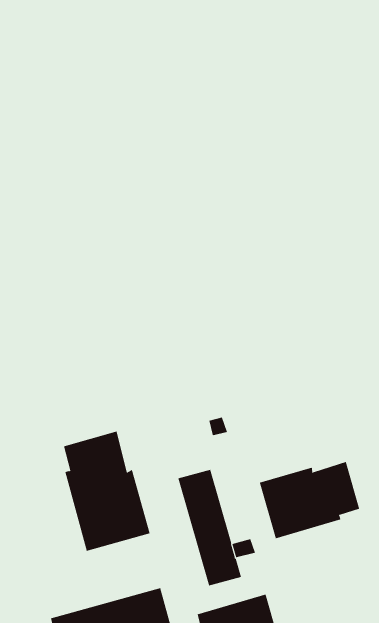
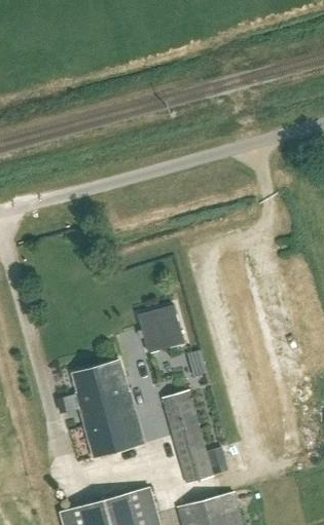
building: none -> [140,304,186,351]
building: [259,461,360,539] -> none

